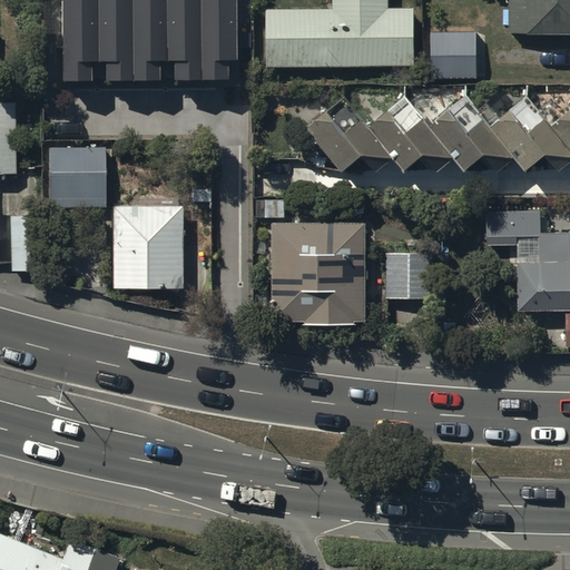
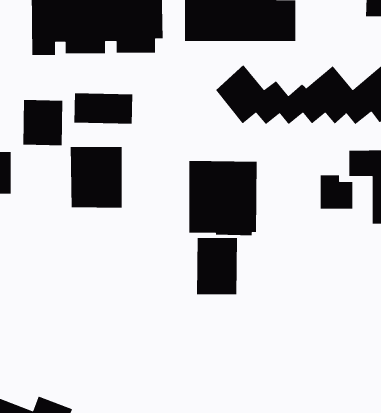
building: [432,27,487,79] -> none
building: none -> [74,93,133,124]
building: [386,250,431,297] -> [320,175,353,210]
building: none -> [196,237,238,295]

